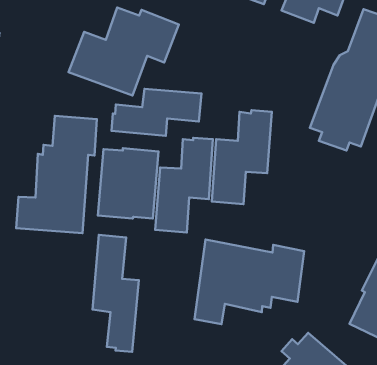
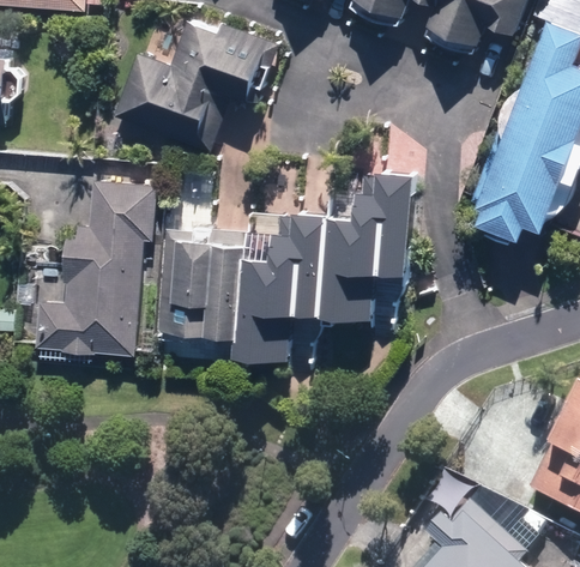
building: [111,89,201,136] -> none
building: [93,235,139,352] -> none
building: [195,239,304,324] -> none

